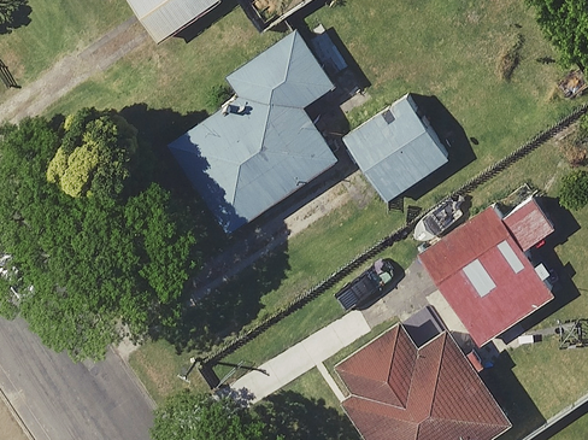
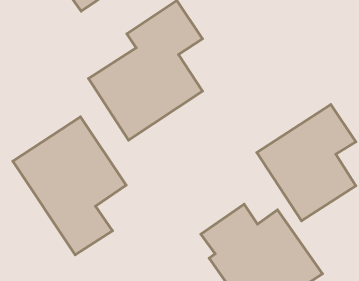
building: [342,100,447,205] -> none
building: none -> [13,117,126,255]

